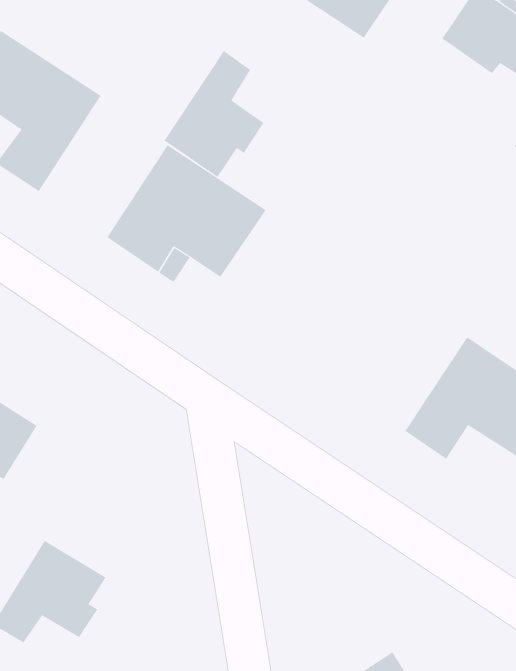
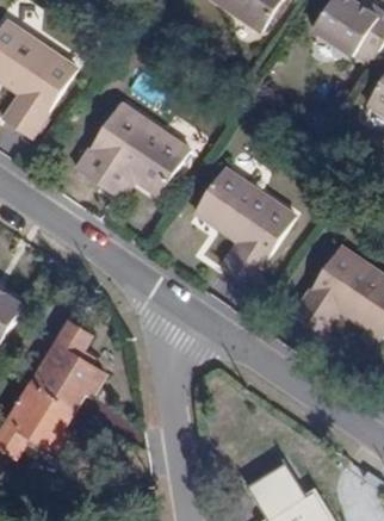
building: [164,50,264,178] -> none
building: none -> [196,168,296,284]
building: none -> [33,323,107,409]

